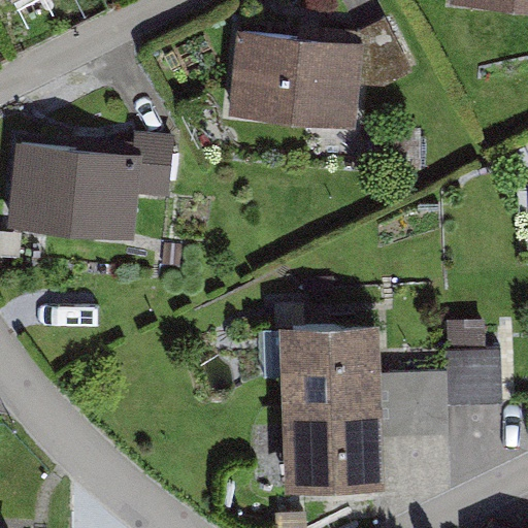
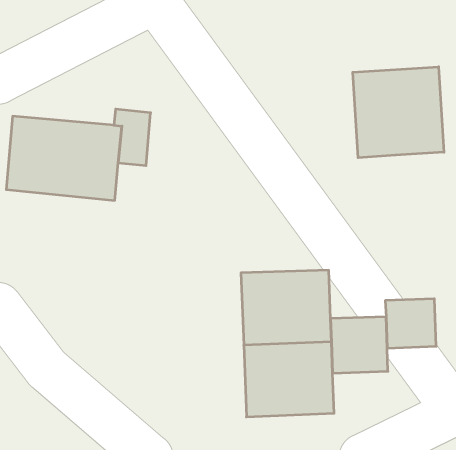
building: [229,26,409,130] -> none
building: none -> [353,67,444,158]

